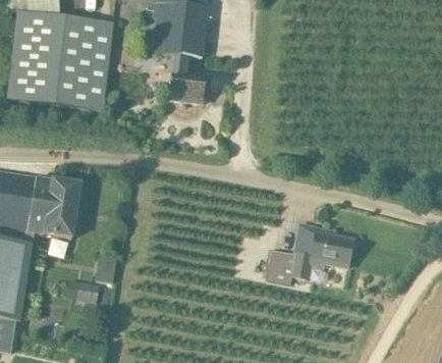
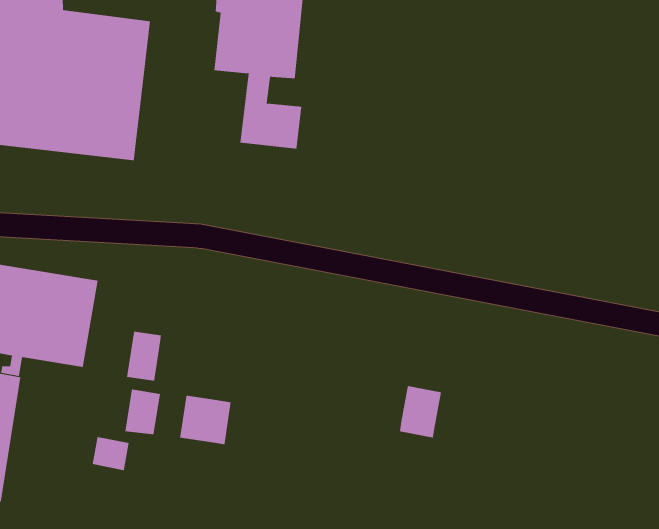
building: none -> [126,331,162,381]
building: [291,227,352,278] -> none
building: none -> [180,395,231,445]

